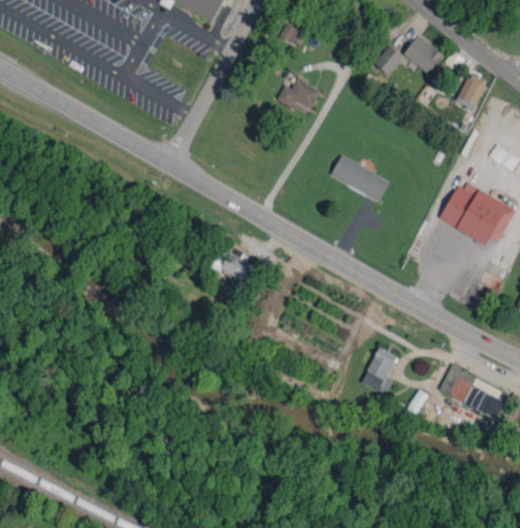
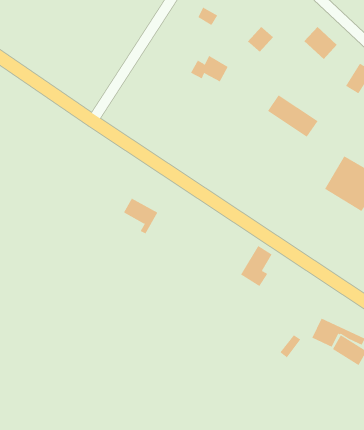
building: [373,46,403,76] -> [247,26,274,52]
building: [330,156,390,202] -> [267,95,318,137]
building: [361,348,396,395] -> [240,245,272,287]

